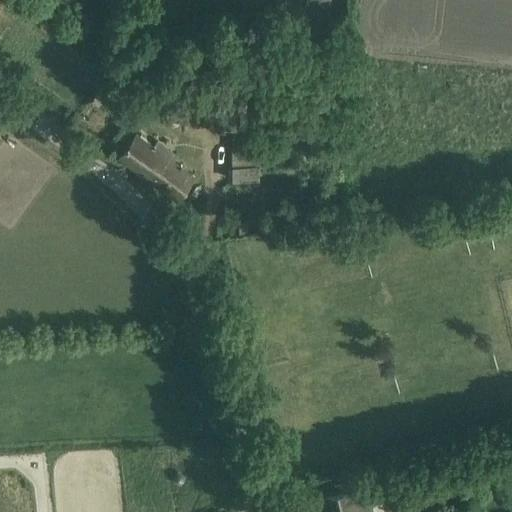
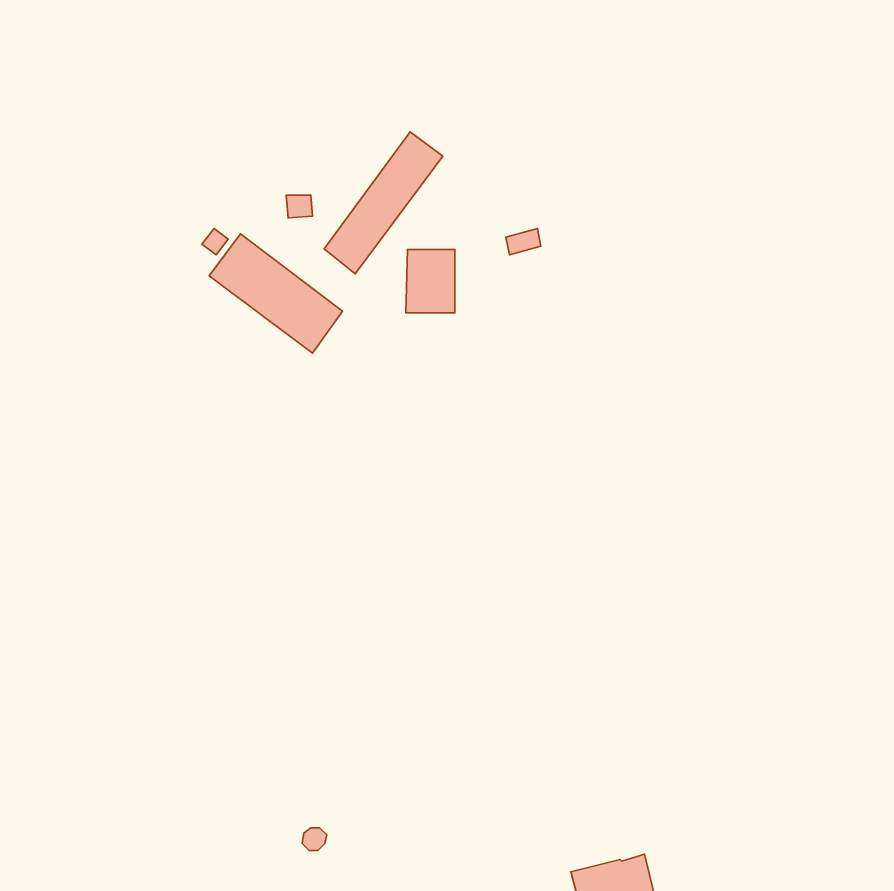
building: none -> [324,132,443,274]

